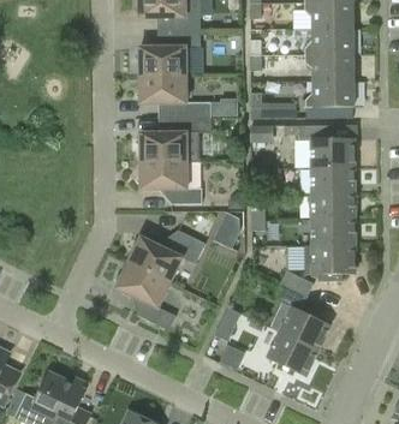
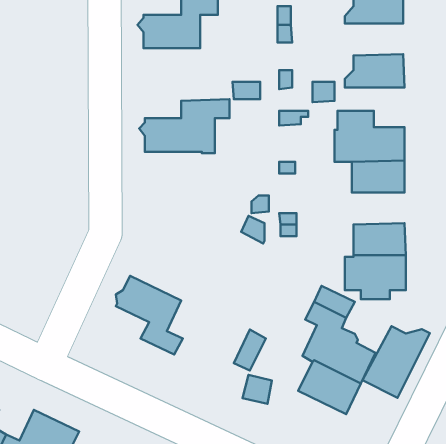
building: [305,54,353,80] -> none
building: [135,74,210,118] -> none
building: [136,160,202,203] -> none
building: [311,193,355,220] -> none
building: [129,231,206,282] -> none
building: none -> [362,326,430,398]

